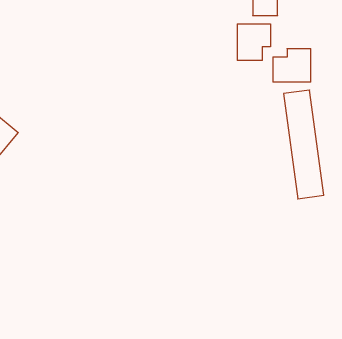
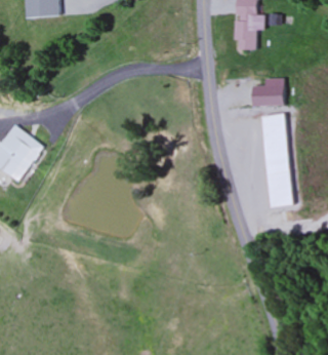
building: [237,24,270,60] -> none

